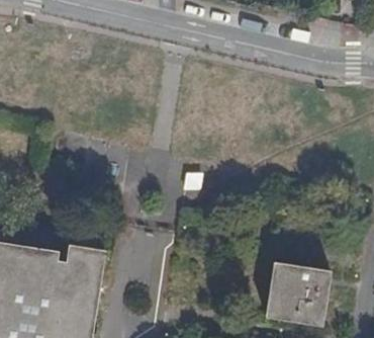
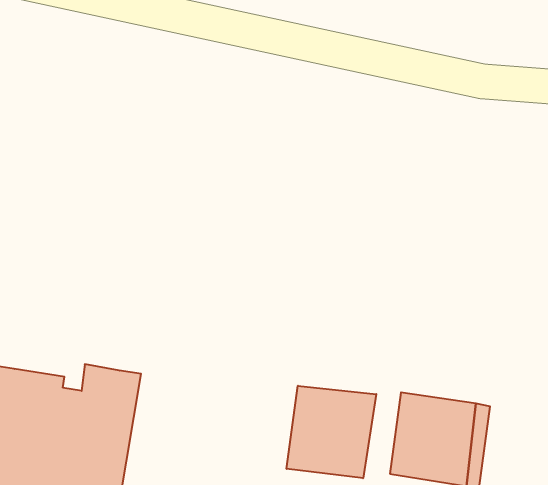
building: none -> [287,386,376,478]

